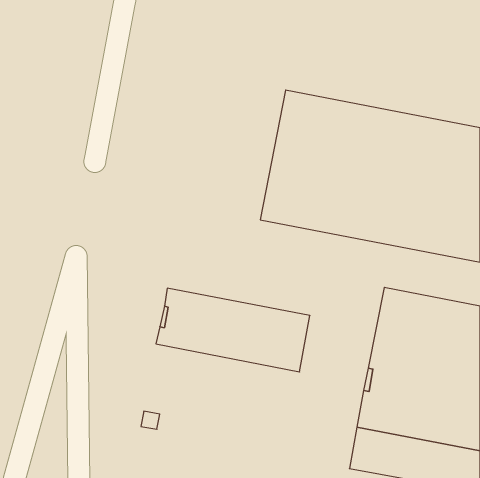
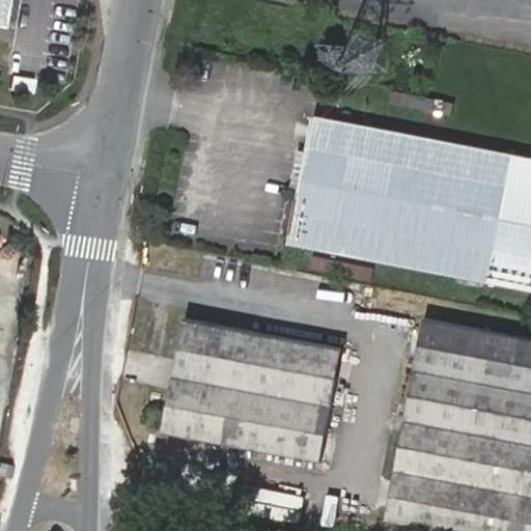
building: none -> [163,382,331,464]

